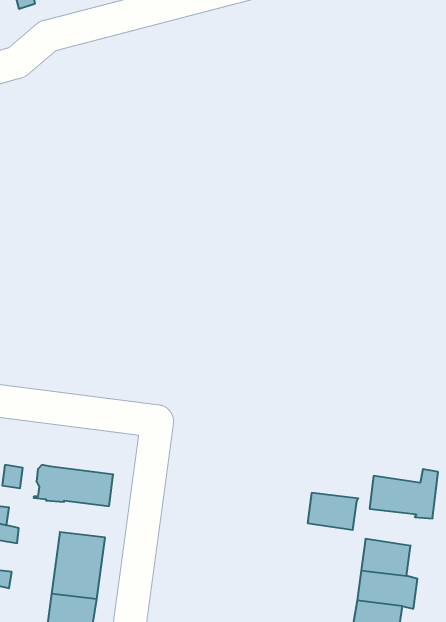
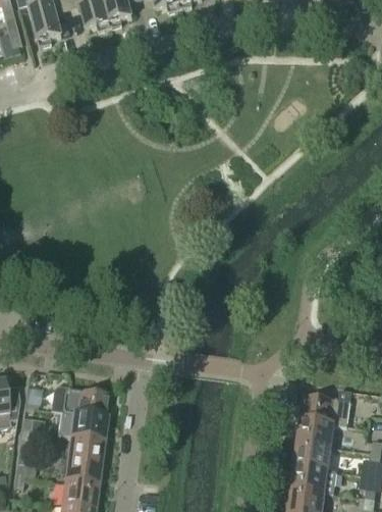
building: [308,493,358,530] -> [297,418,335,446]
building: none -> [57,412,107,440]

